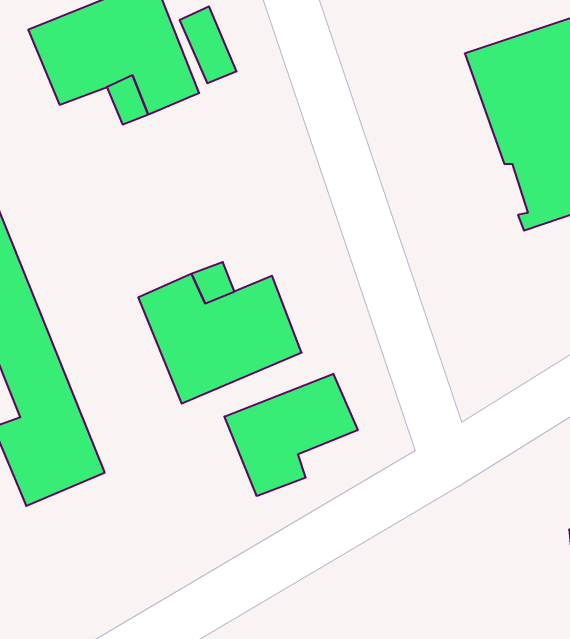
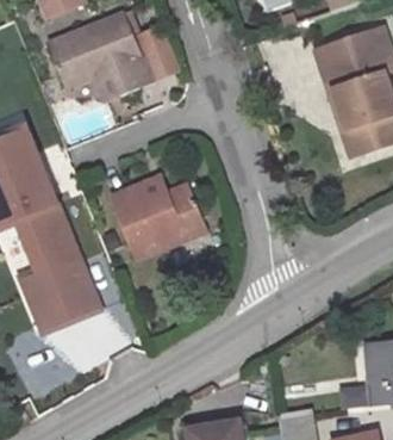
building: [224,374,358,496] -> none

